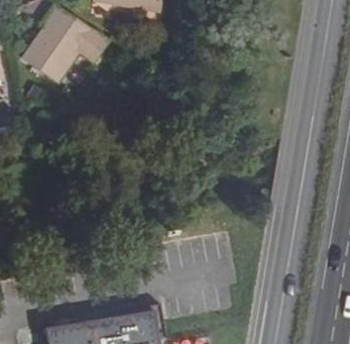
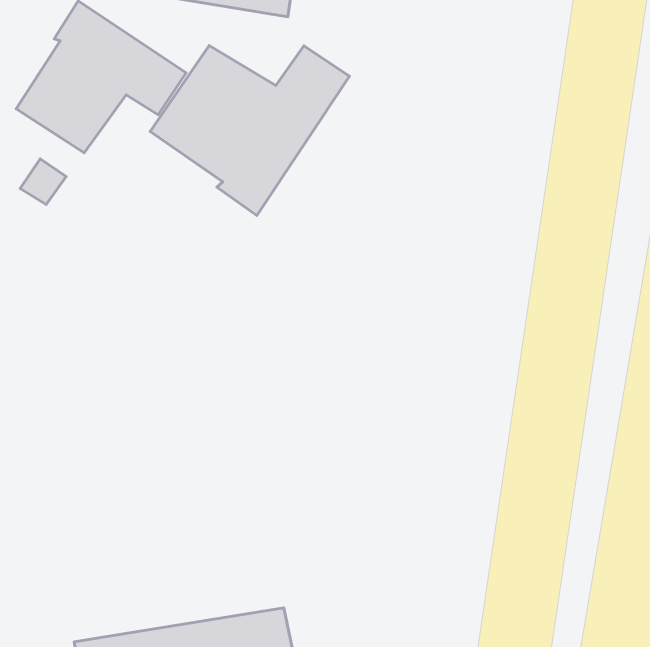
building: none -> [150,45,350,216]

